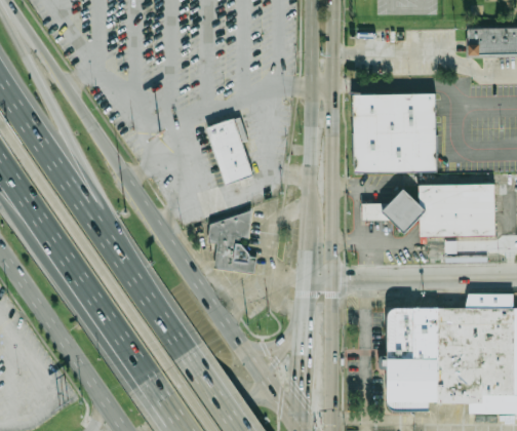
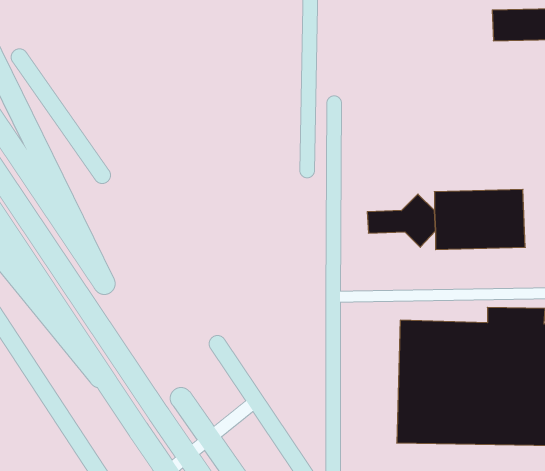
building: [354,94,438,174] -> none
building: [206,108,255,174] -> none
building: [209,201,258,263] -> none

